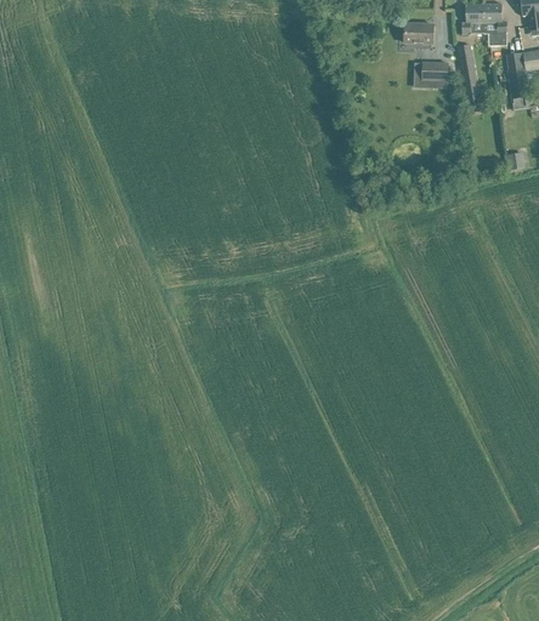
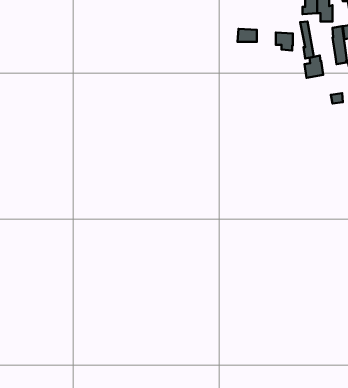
building: [403,22,432,41] -> [238,29,257,42]
building: none -> [304,56,323,78]

